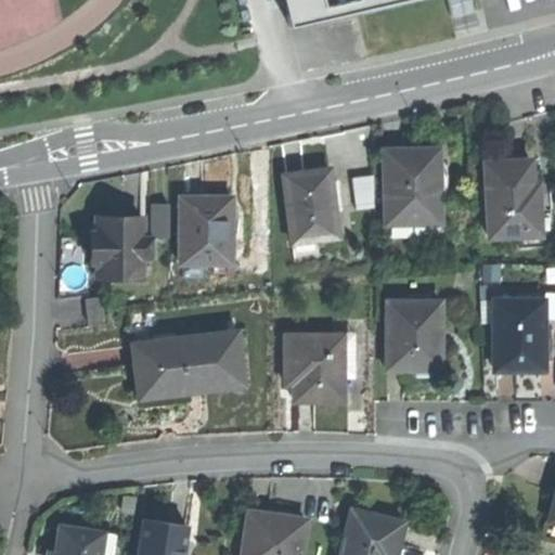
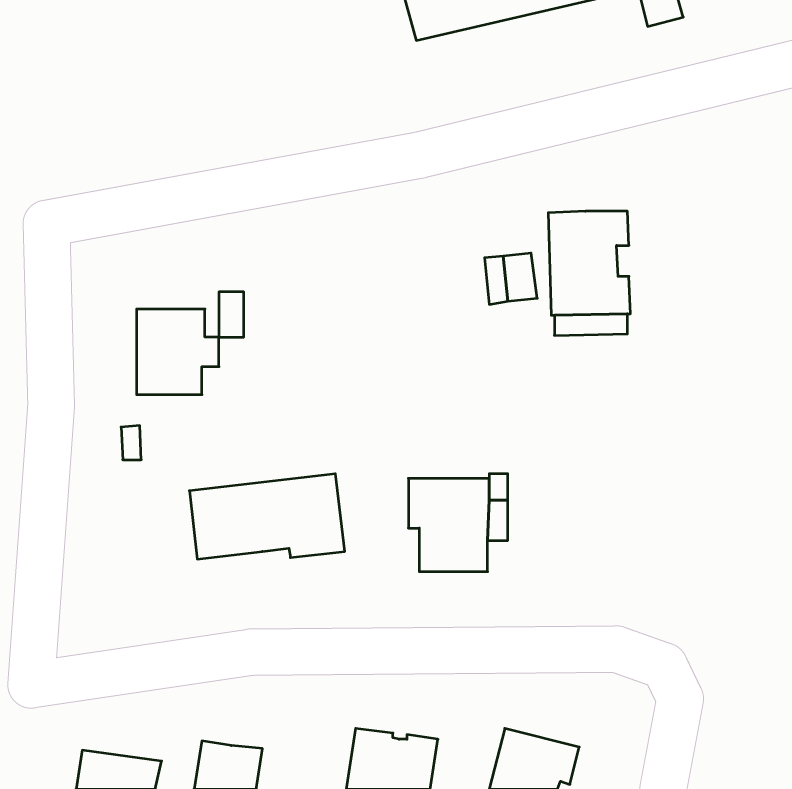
building: [486,160,541,237] -> none
building: [284,170,337,240] -> none
building: [180,196,232,263] -> none
building: [387,301,441,370] -> none
building: [493,302,543,371] -> none

